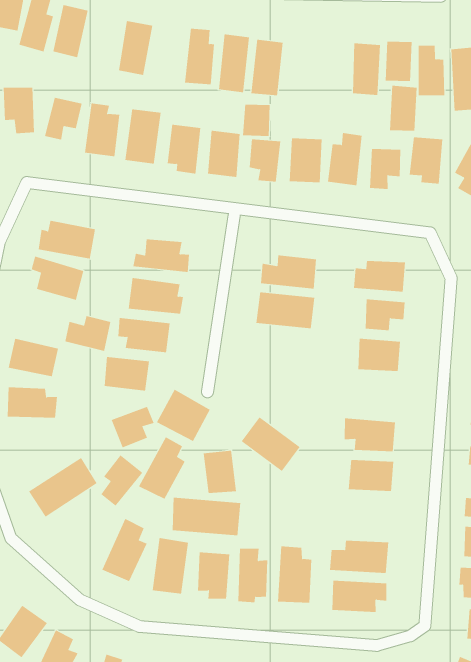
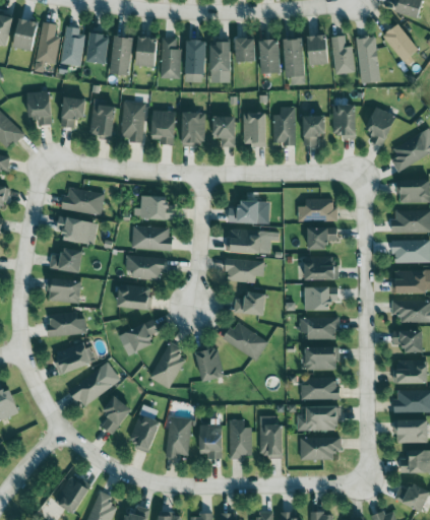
building: none -> [86,34,108,63]
building: none -> [134,36,158,67]
building: [389,85,417,131] -> [259,40,280,73]
building: [242,104,271,136] -> [235,38,255,62]
building: [64,316,111,351] -> [49,248,82,273]
building: none -> [225,258,263,282]
building: none -> [233,291,265,315]
building: none -> [303,286,337,310]
building: [156,389,210,442] -> none
building: none -> [53,342,89,374]
building: [100,455,143,506] -> [101,396,131,435]
building: [172,497,241,536] -> none
building: none -> [300,377,337,400]

